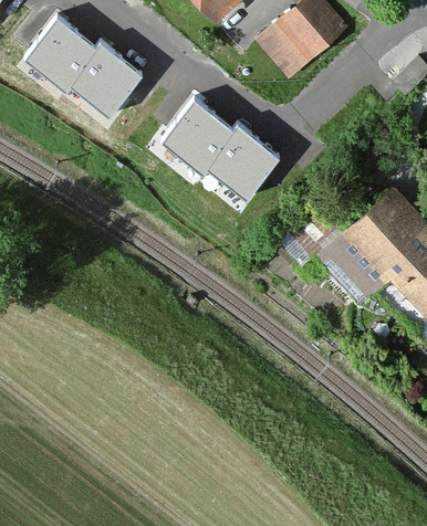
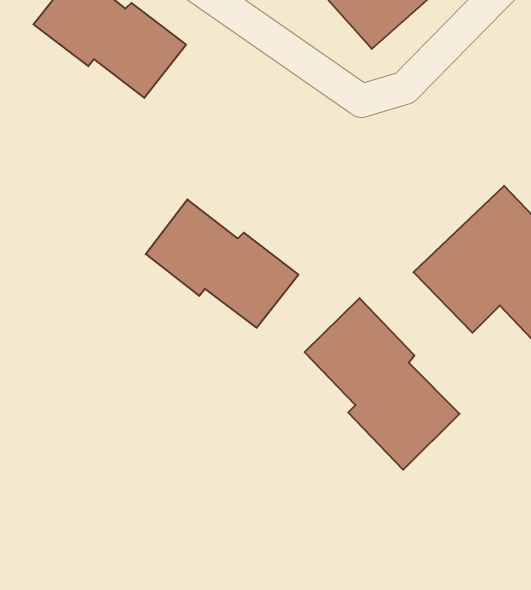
building: [166,99,283,198] -> [146,199,298,328]
building: none -> [305,298,460,470]

